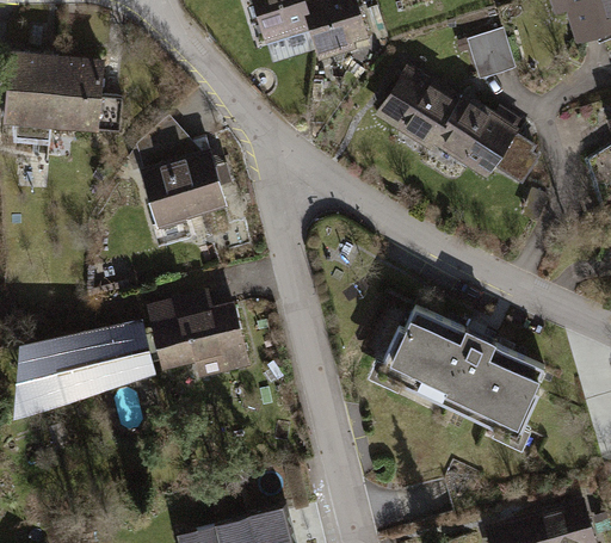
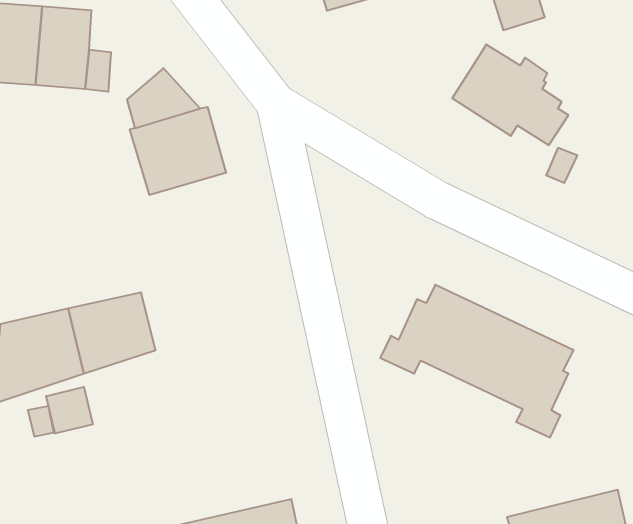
building: [375,64,461,148] -> none
building: [146,290,249,378] -> none
building: none -> [46,387,93,434]

